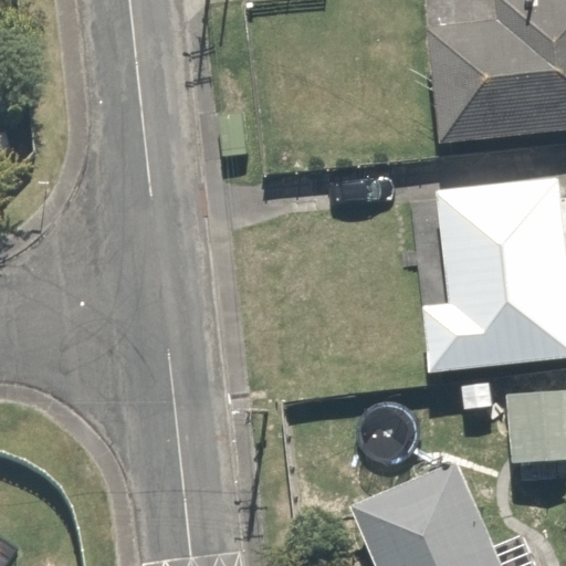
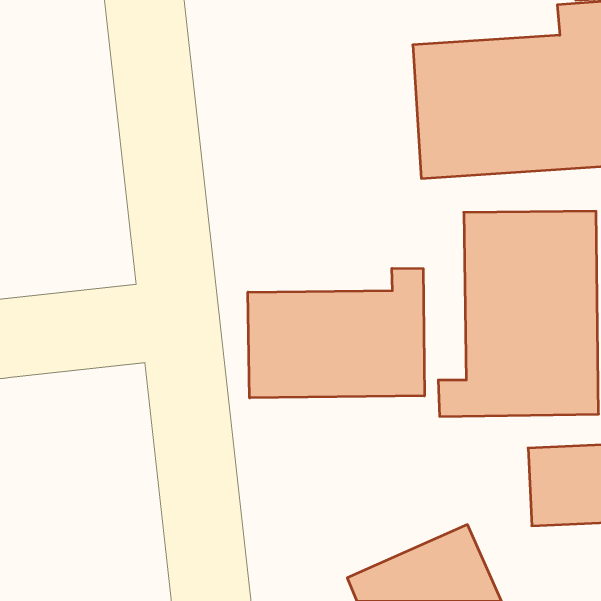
building: none -> [248,268,424,398]

